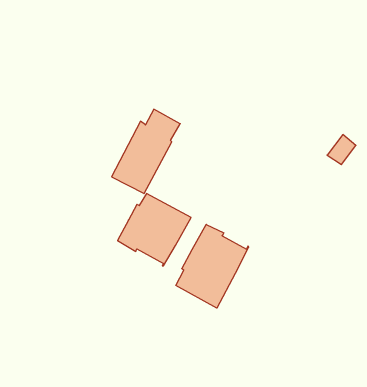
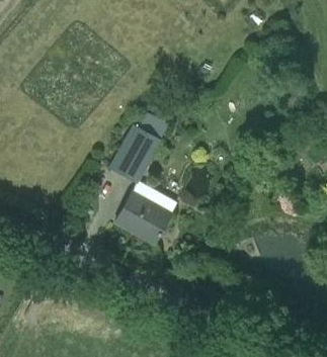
building: [176,224,249,308] -> none

